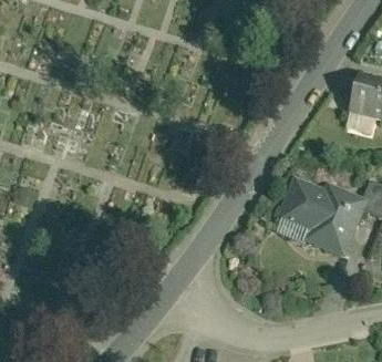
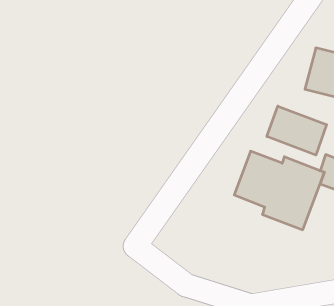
building: none -> [267,106,327,155]

